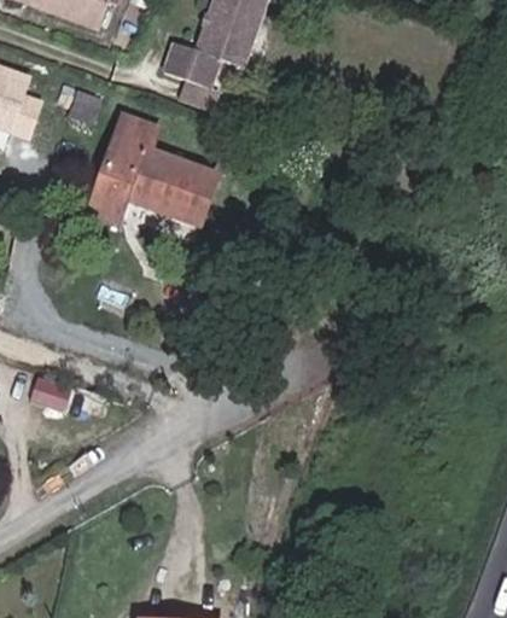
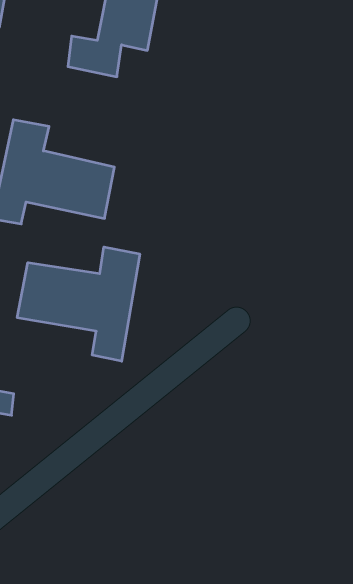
building: none -> [17,247,140,361]

